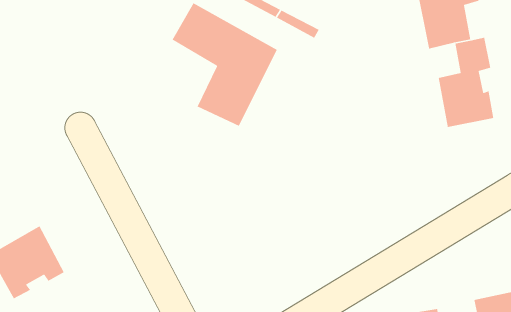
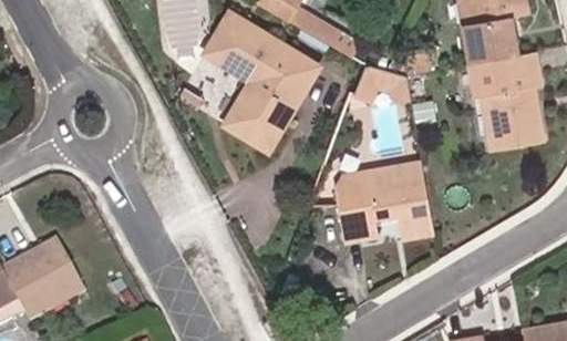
building: none -> [348,61,408,102]
building: none -> [336,161,433,237]

